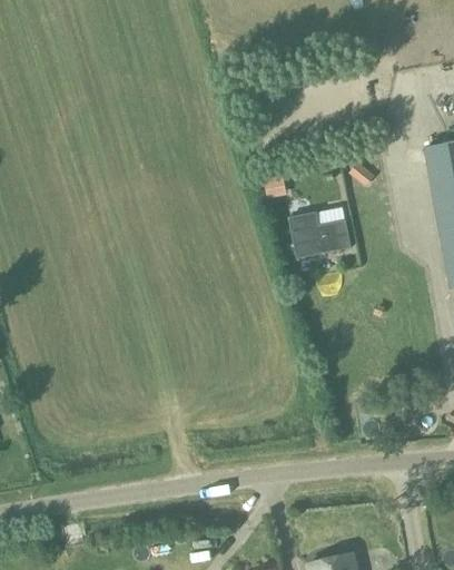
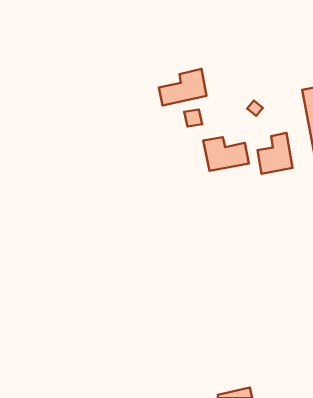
building: none -> [159,69,207,106]
building: none -> [257,133,292,174]

